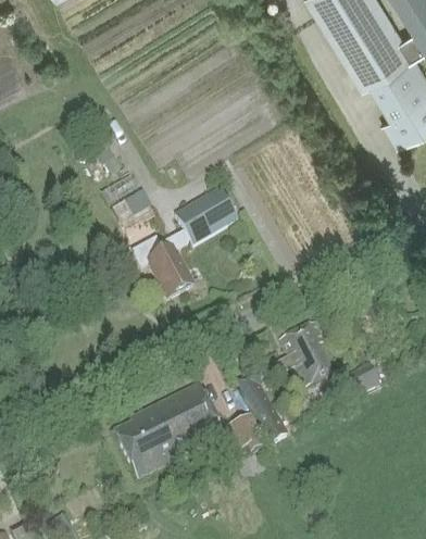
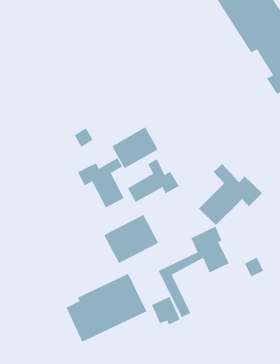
building: none -> [127,159,179,203]
building: none -> [198,163,263,226]
building: none -> [104,214,159,264]

